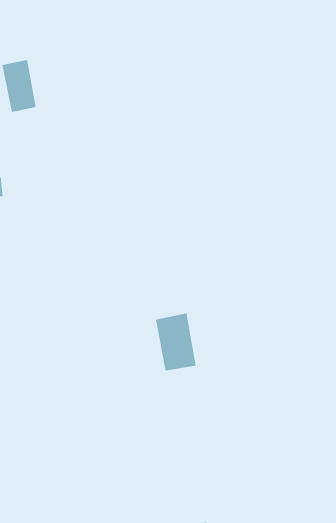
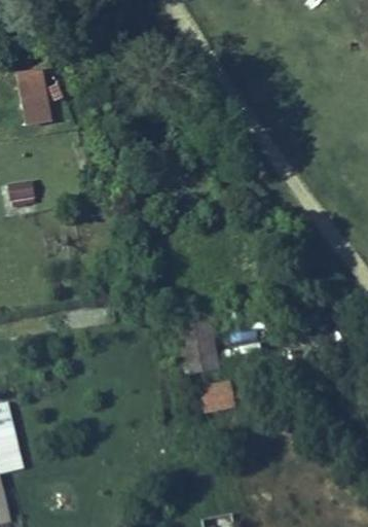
building: none -> [195,380,231,413]

